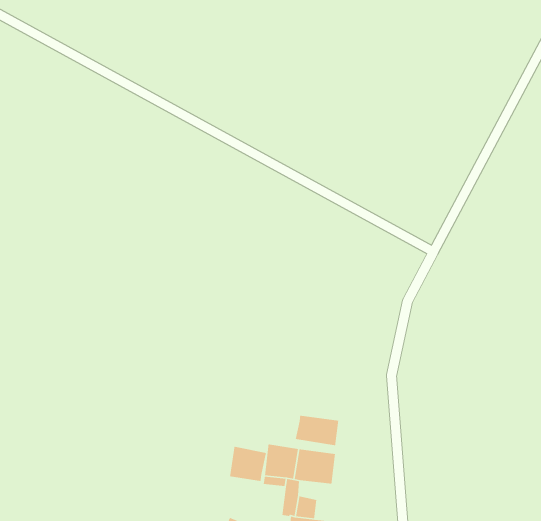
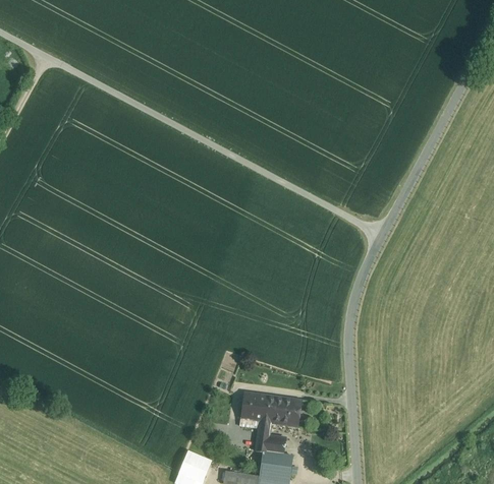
building: [295,415,339,446] -> none
building: [229,446,267,482] -> none

